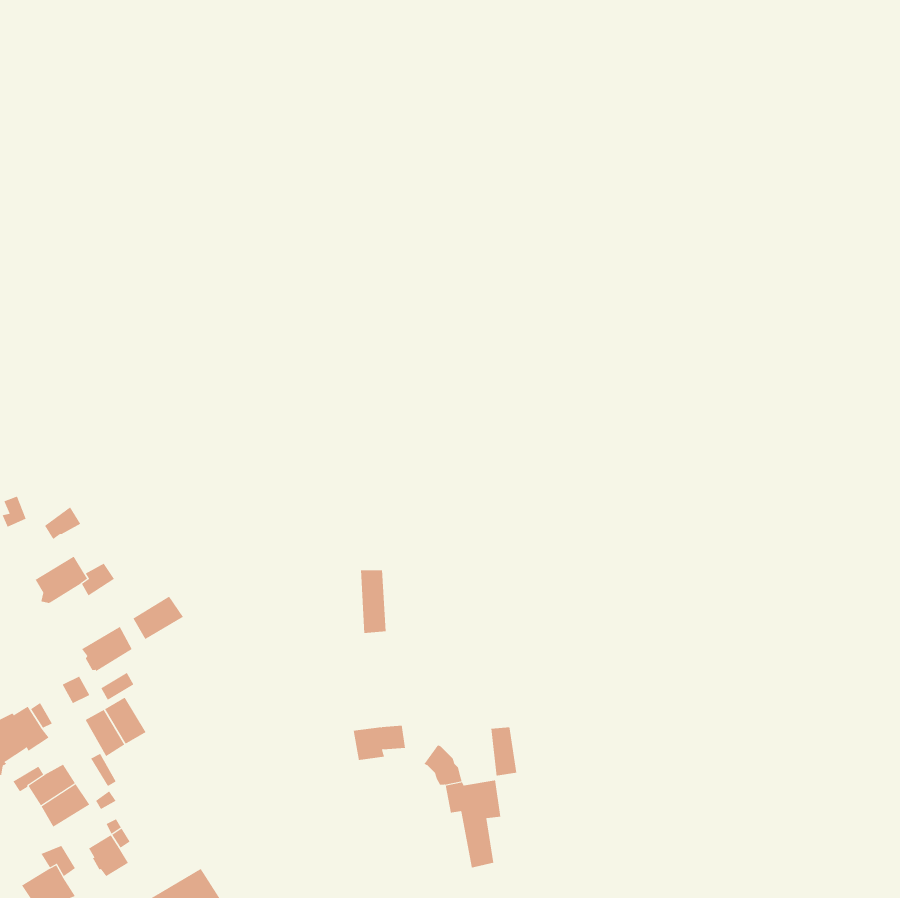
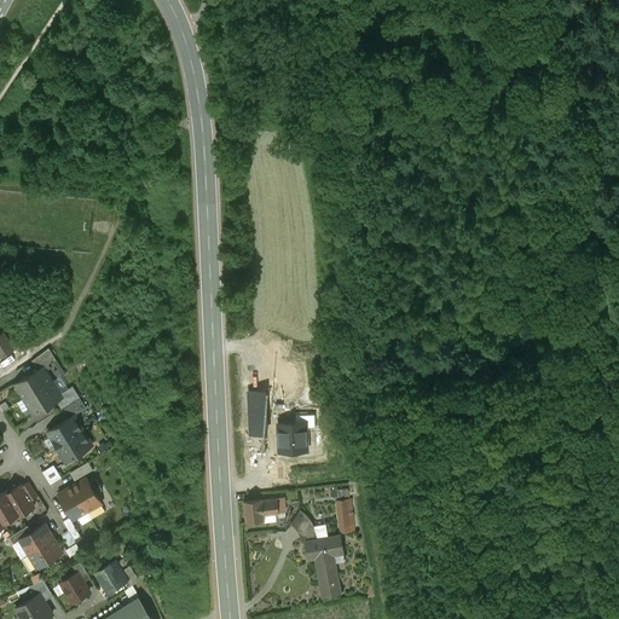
building: none -> [13,369,51,400]
building: [133,596,184,640] -> [47,417,82,447]
building: none -> [277,424,306,452]
building: none -> [94,562,126,594]

